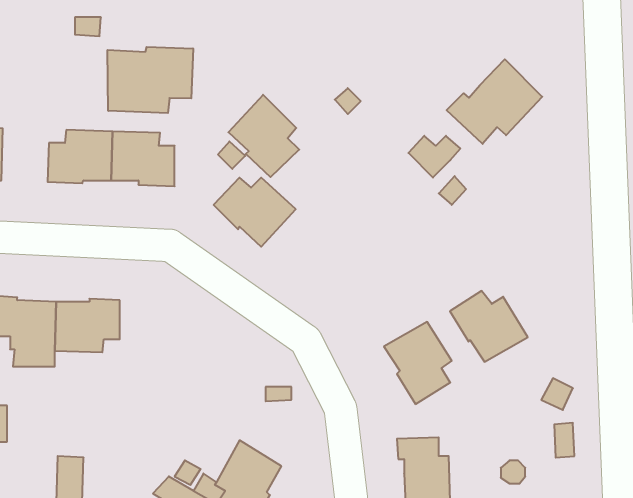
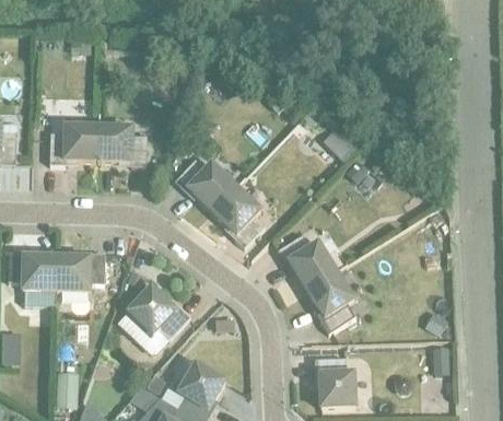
building: [108,47,193,113] -> none
building: [447,59,542,144] -> none
building: [228,95,299,177] -> [211,184,265,246]
building: [450,291,528,362] -> [278,234,337,288]
building: none -> [117,282,189,352]

